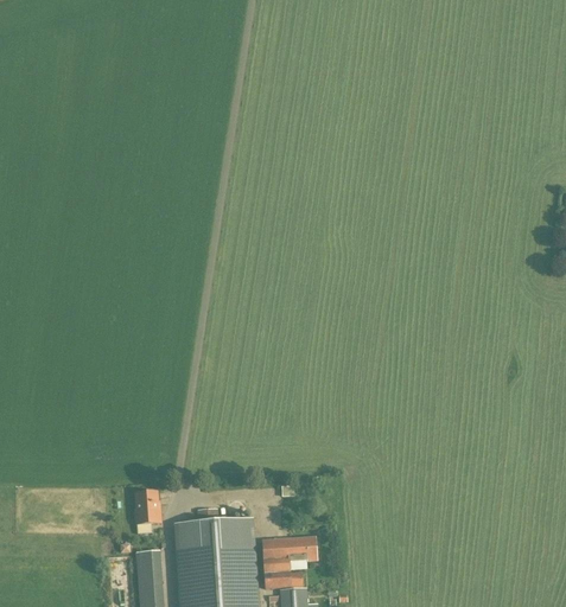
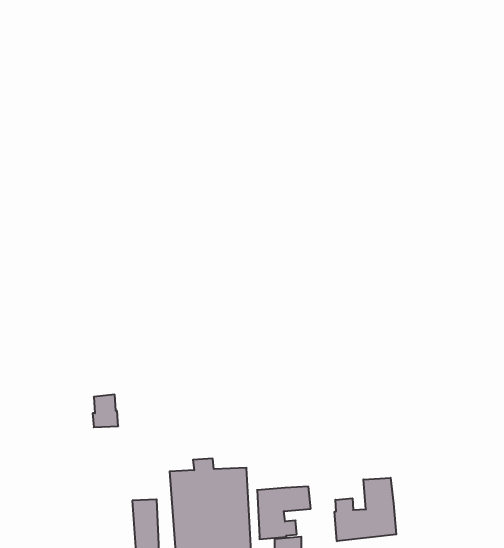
building: [136,491,163,524] -> [93,395,118,427]
building: none -> [335,478,396,541]

